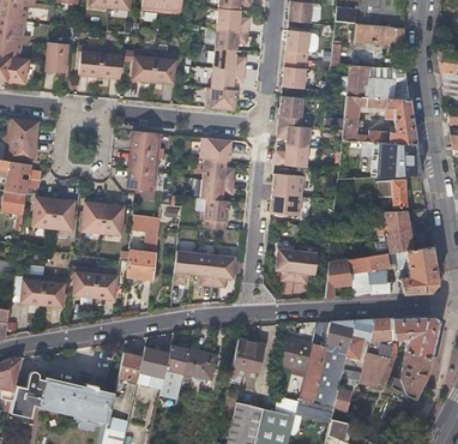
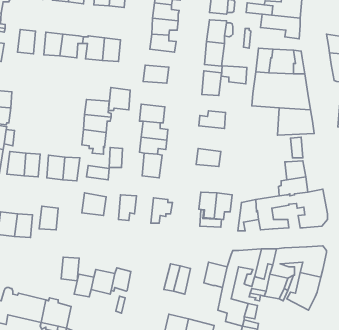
building: [212,67,245,90] -> none
building: none -> [108,88,130,110]
building: [278,125,311,148] -> [221,66,247,84]
building: [275,173,305,197] -> none
building: [194,253,218,288] -> none
building: [95,269,117,299] -> [61,257,79,281]
building: [185,349,217,379] -> none

